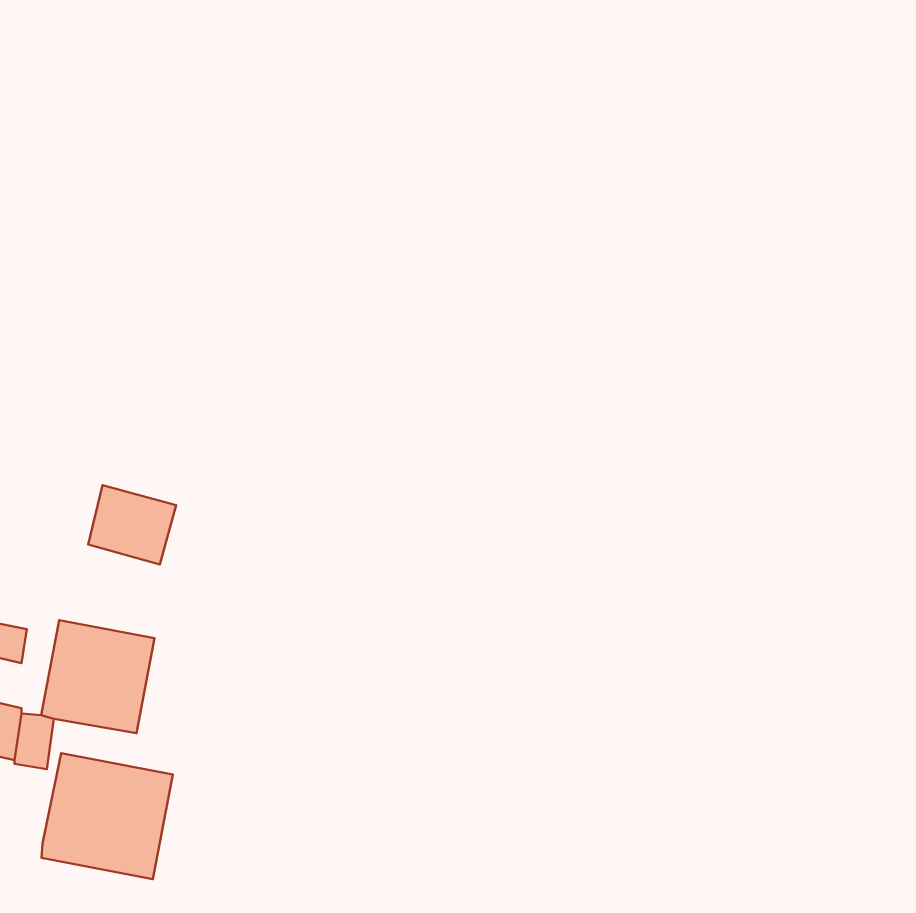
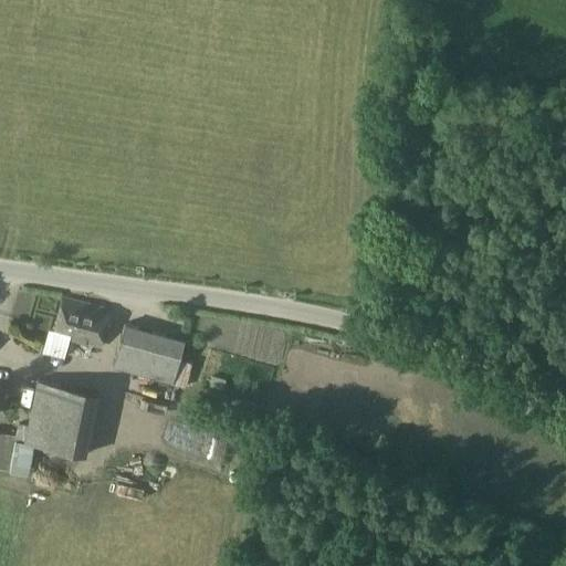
building: none -> [112,325,182,385]
building: [41,753,173,879] -> none

